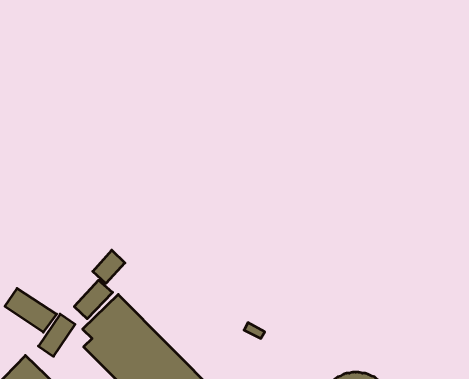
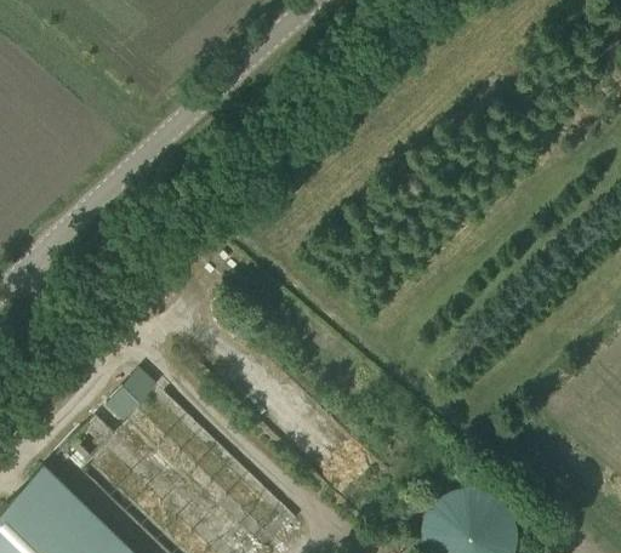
building: [93,250,125,283] -> none
building: [5,288,57,332] -> none

